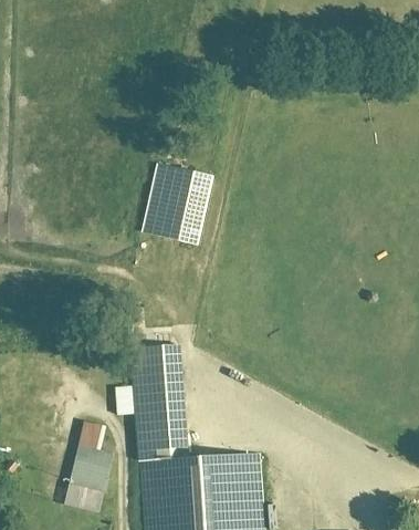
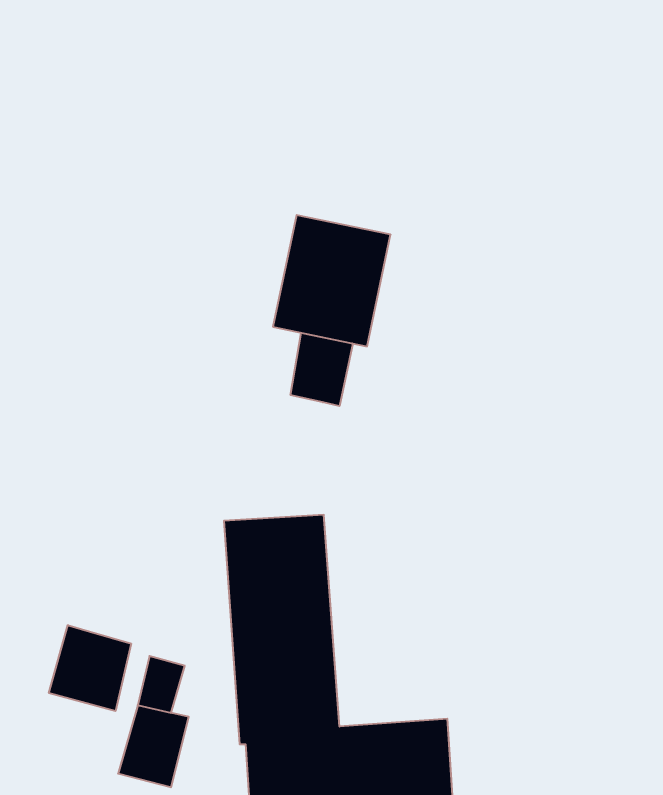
building: none -> [291,333,353,406]
building: none -> [49,625,131,711]

